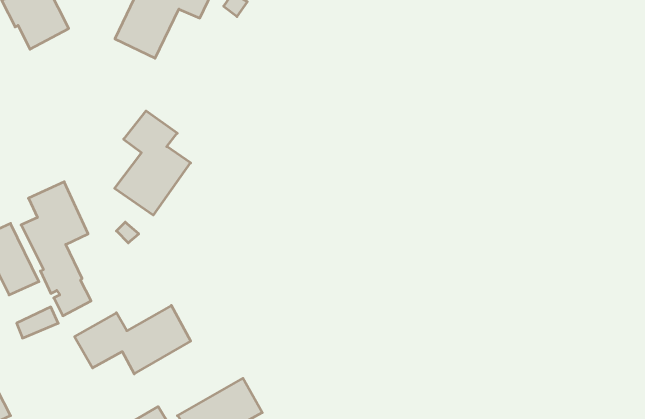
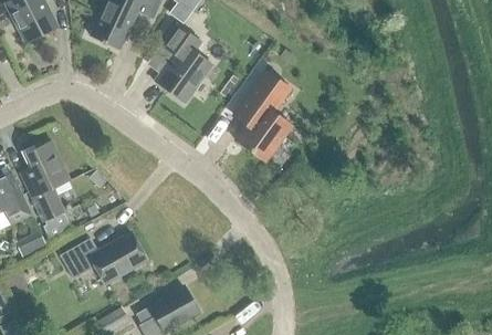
building: none -> [233,71,291,160]
building: [115,111,191,215] -> [155,24,211,102]

